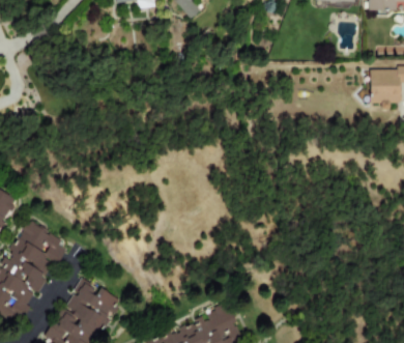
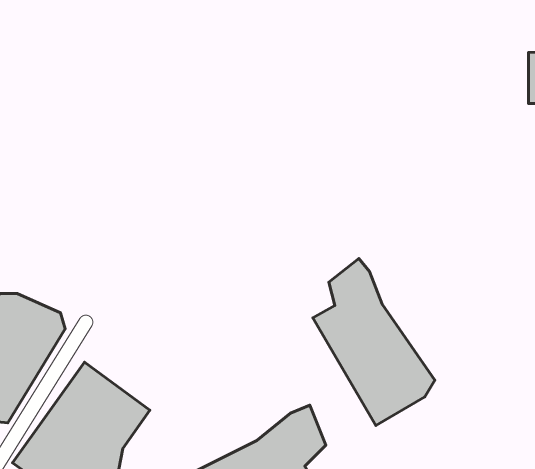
building: none -> [313,258,435,425]

